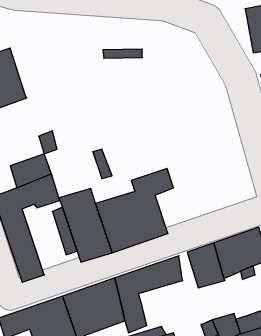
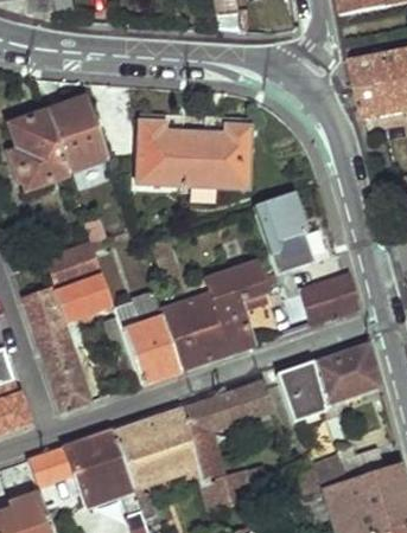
building: none -> [47,98,108,173]
building: none -> [134,117,244,184]
building: none -> [256,197,317,274]
building: none -> [273,274,362,339]

